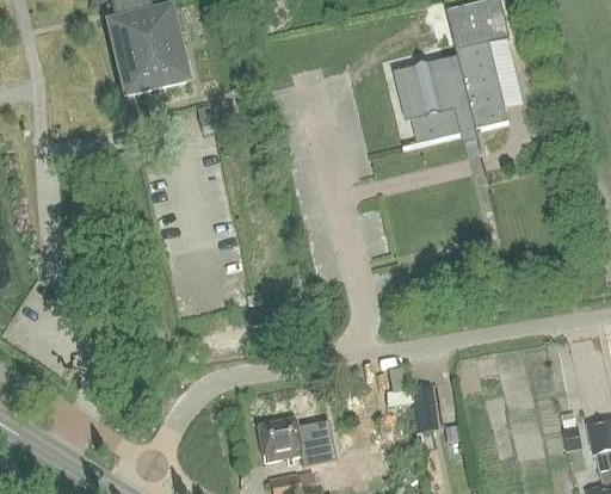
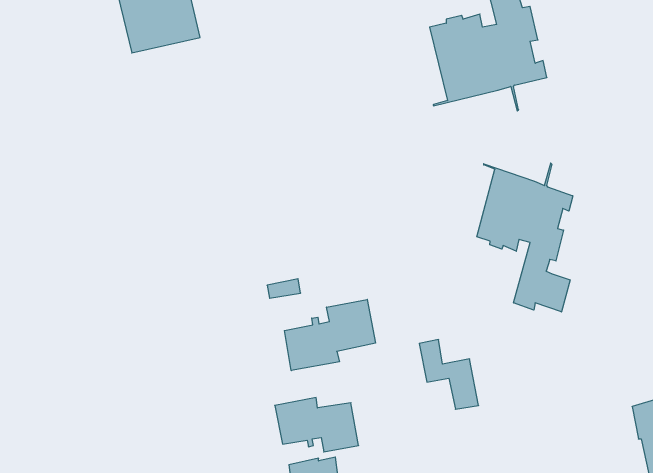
building: none -> [477,163,573,312]
building: none -> [284,299,375,371]

